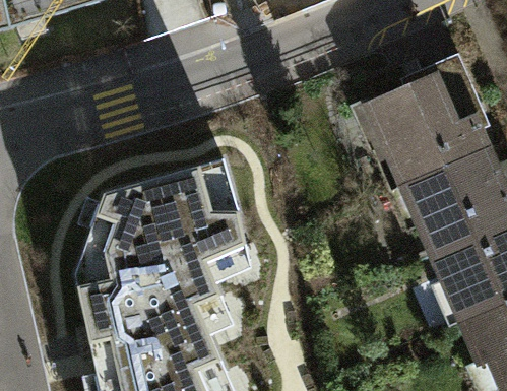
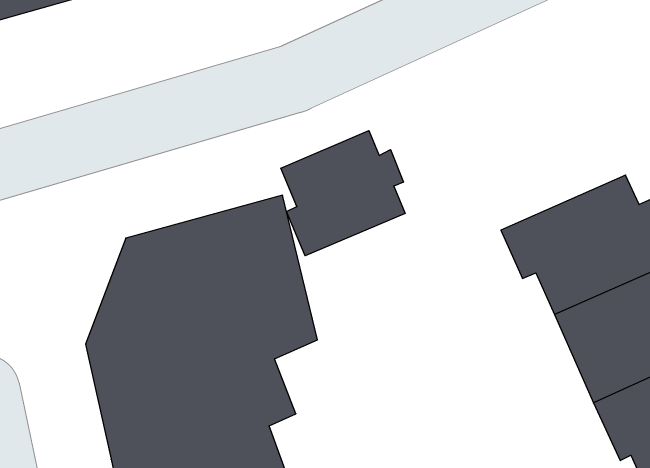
building: [365,59,487,187] -> none
building: none -> [281,131,405,256]

